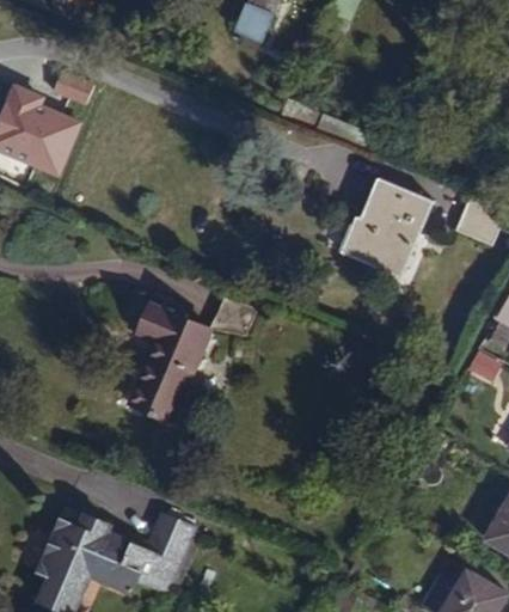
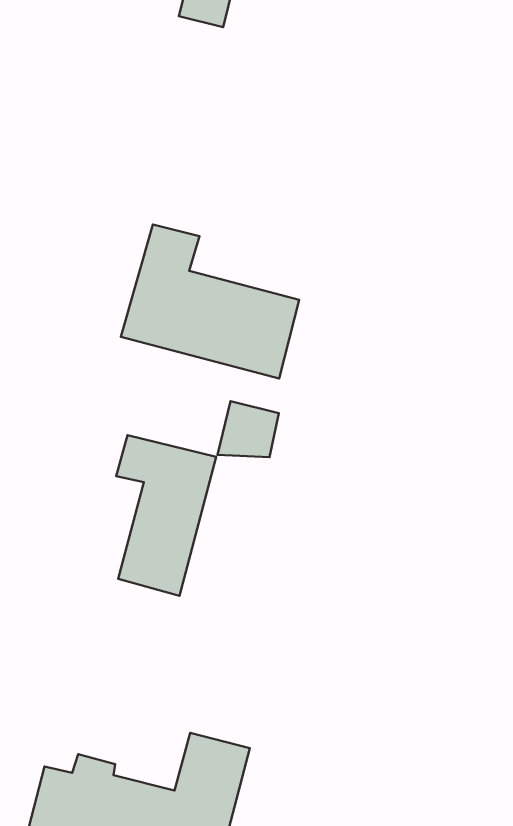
building: none -> [121,225,299,378]
building: [348,177,429,270] -> none

